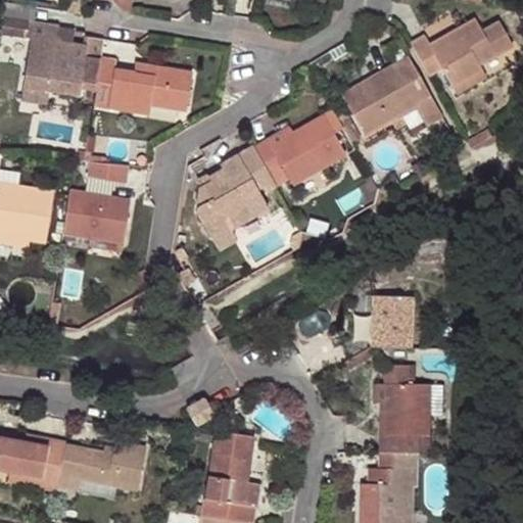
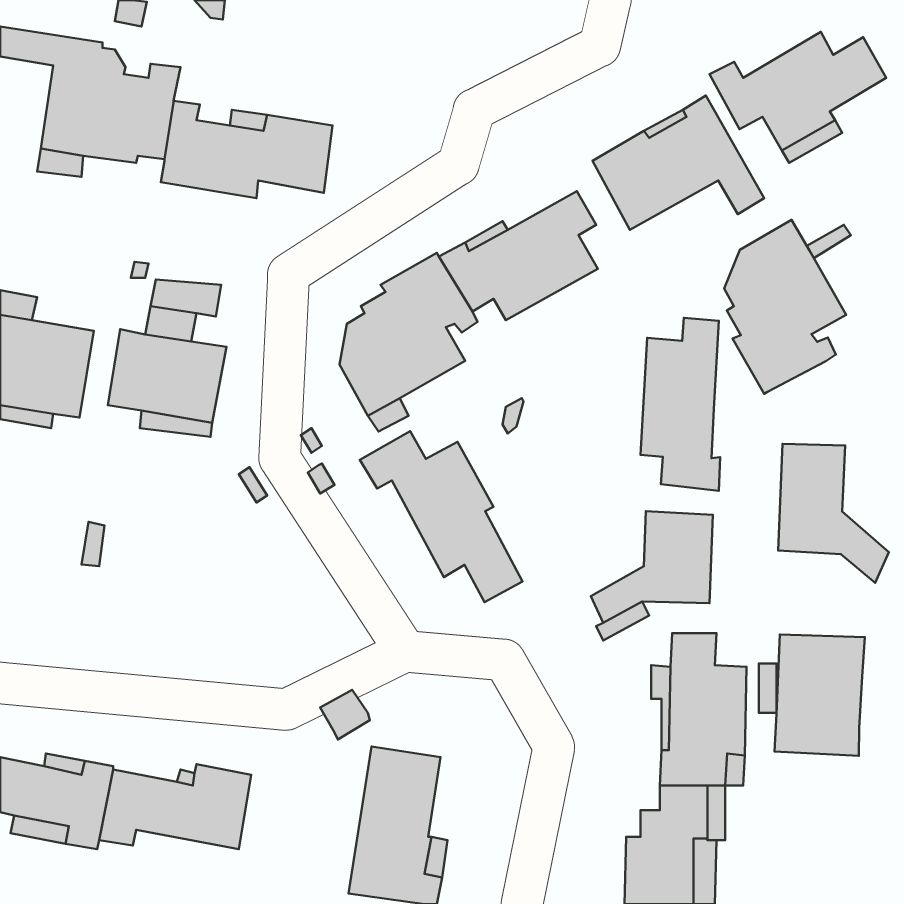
building: none -> [724,220,846,394]
building: none -> [641,318,720,491]
building: none -> [360,431,523,602]
building: none -> [778,444,889,583]
building: none -> [774,635,865,756]

